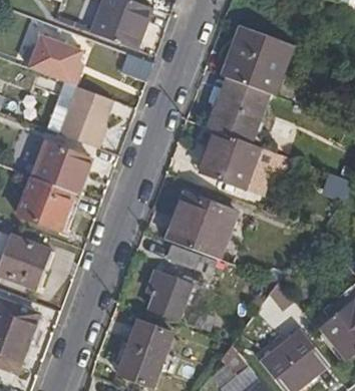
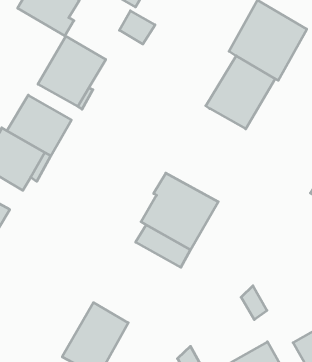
building: [200,129,259,185] -> none
building: [146,270,191,318] -> none

